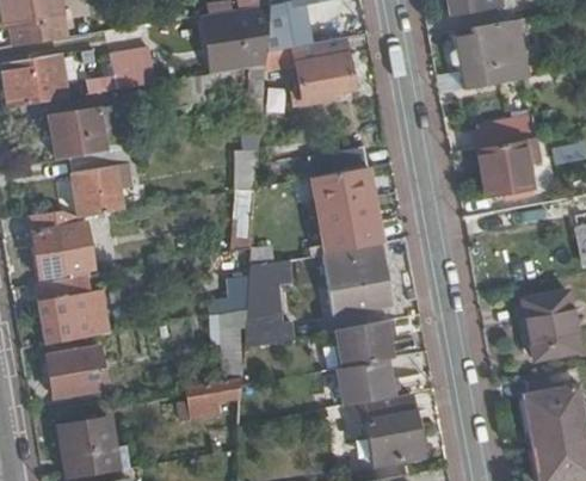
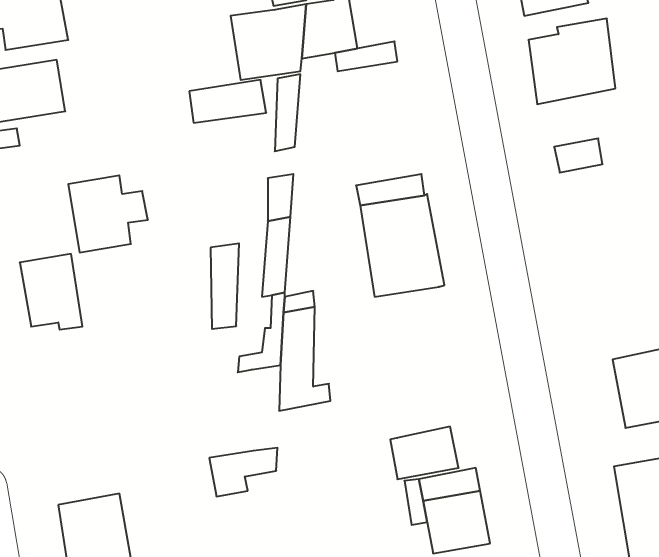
building: [88,51,155,93] -> none
building: [294,55,347,104] -> none
building: [49,104,128,160] -> none
building: [477,143,532,198] -> none
building: [322,243,390,316] -> none
building: [33,273,111,343] -> none
building: [222,309,246,381] -> [211,243,239,329]
building: [337,321,393,370] -> none
building: [47,349,104,396] -> none

